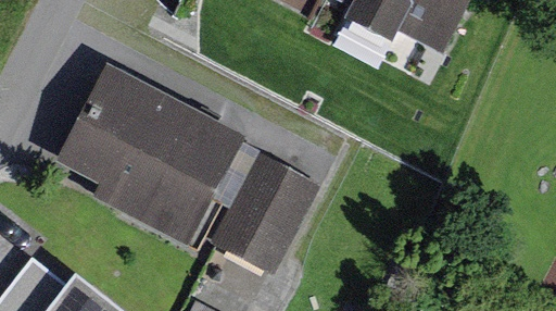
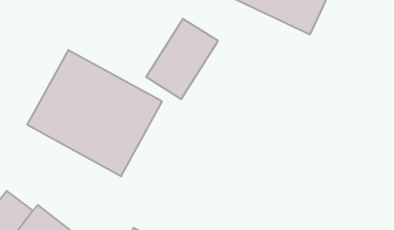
building: [222,157,317,263] -> [146,19,218,99]

